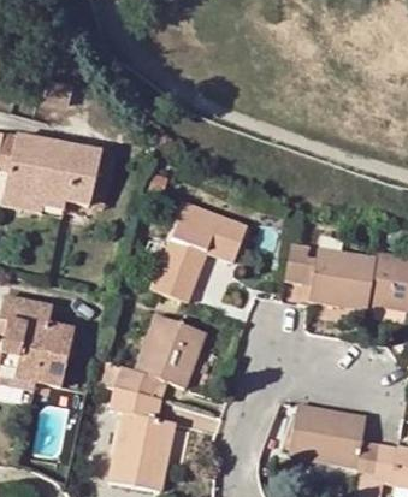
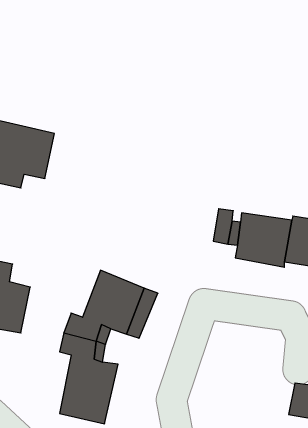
building: [150,201,247,301] -> none
building: [288,403,378,479] -> none

